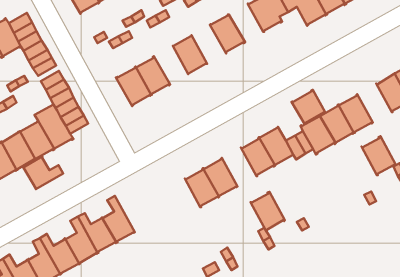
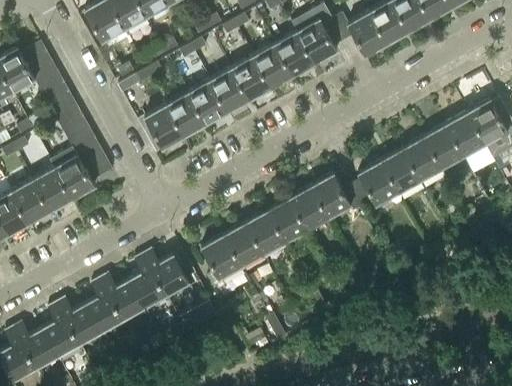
building: none -> [275,32,315,76]
building: none -> [232,56,272,101]
building: none -> [188,80,228,125]
building: [291,90,325,124] -> none
building: [361,136,396,175] -> [424,124,464,169]
building: [23,156,63,189] -> none
building: none -> [201,234,242,280]
building: [250,192,285,231] -> [267,198,307,243]
building: none -> [143,250,189,296]

